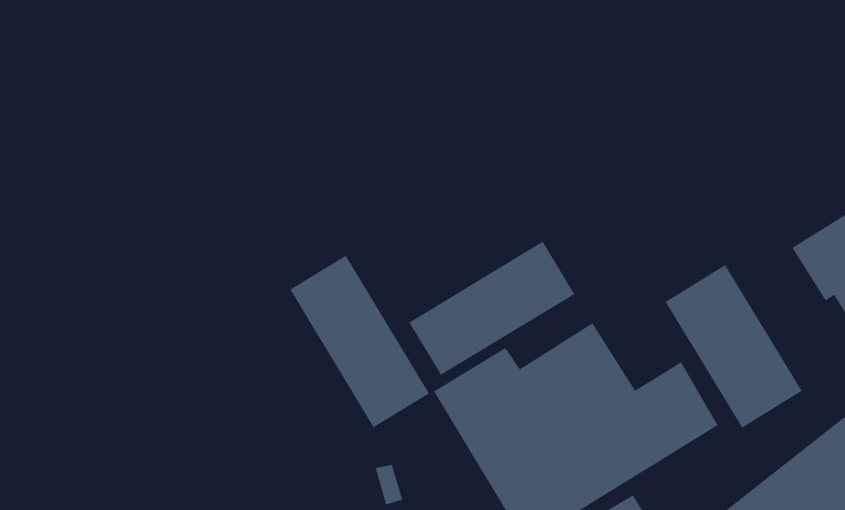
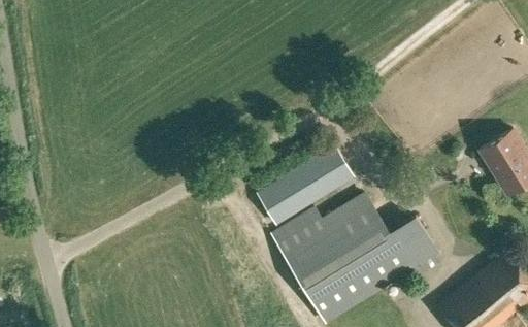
building: [289,255,430,428] -> none
building: [665,264,803,428] -> none

